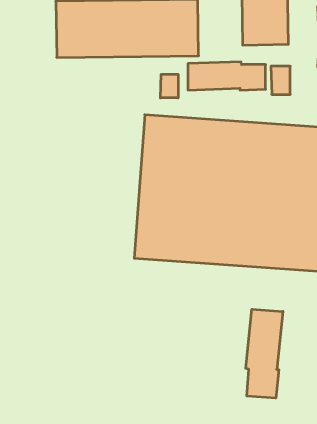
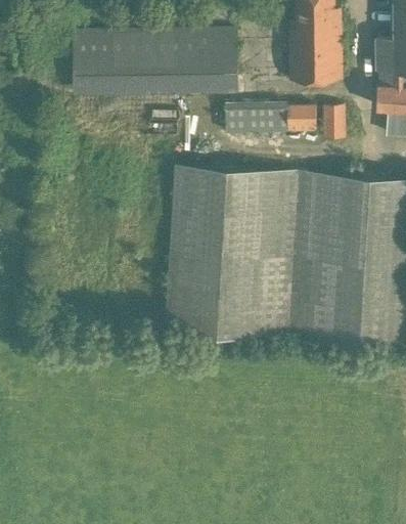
building: [160,74,178,98] -> none
building: [246,309,283,398] -> none

